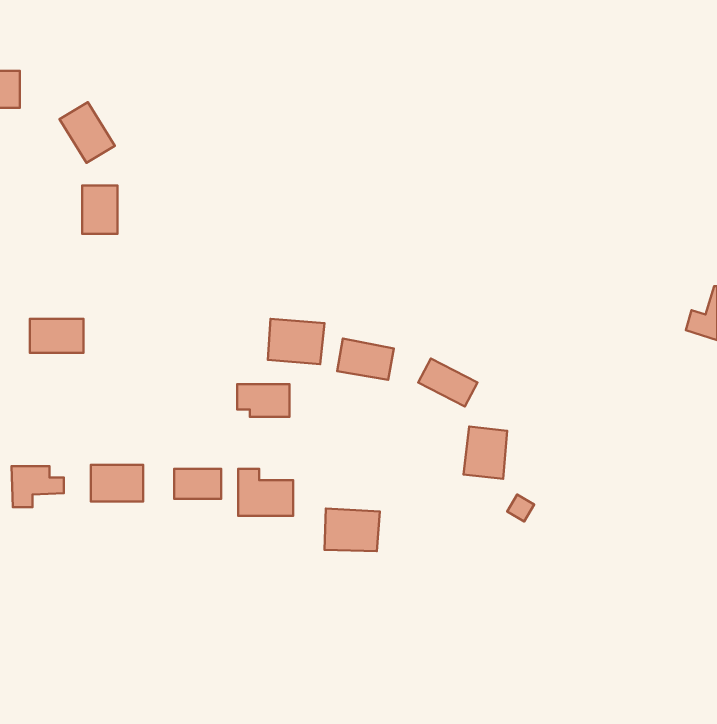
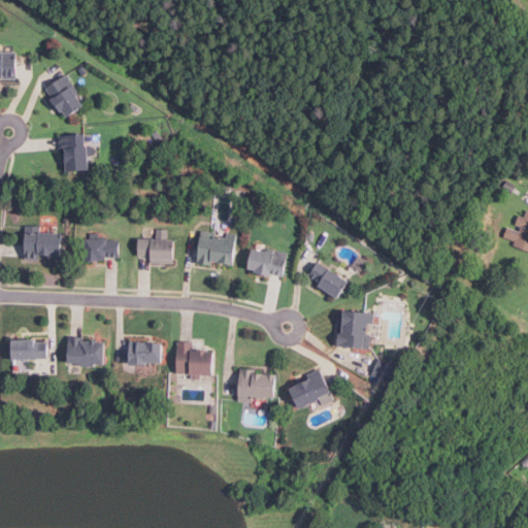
building: none -> [82,238,118,260]
building: [237,384,289,417] -> [136,238,174,262]
building: none -> [286,370,331,411]

